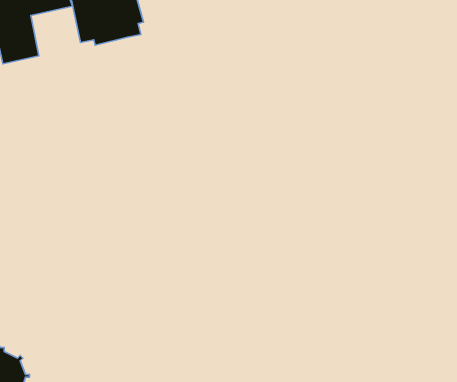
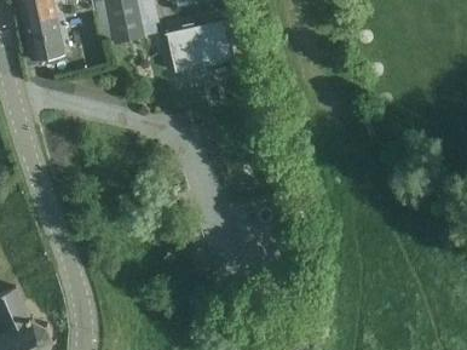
building: none -> [166,21,234,73]

